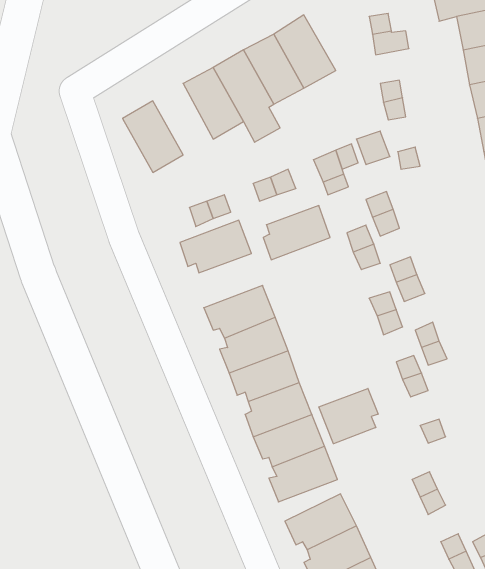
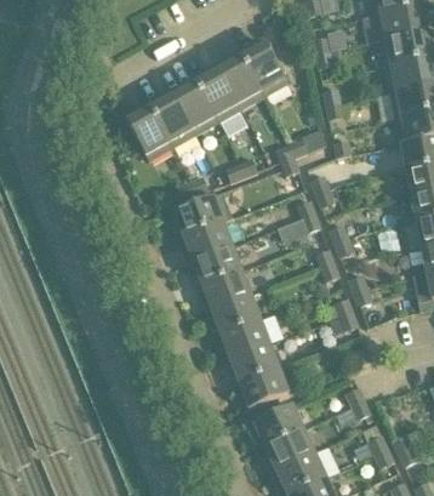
building: none -> [149,92,195,147]
building: [263,206,330,260] -> [182,222,233,263]
building: [319,388,378,444] -> none

